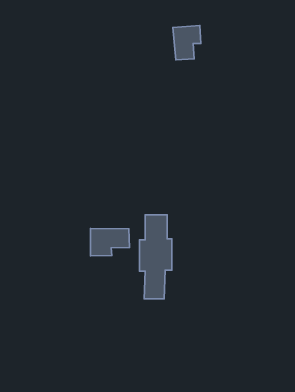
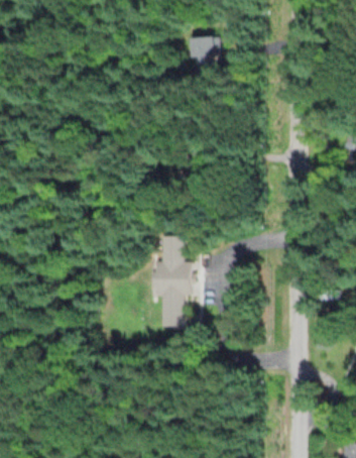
building: [90,228,129,256] -> none

